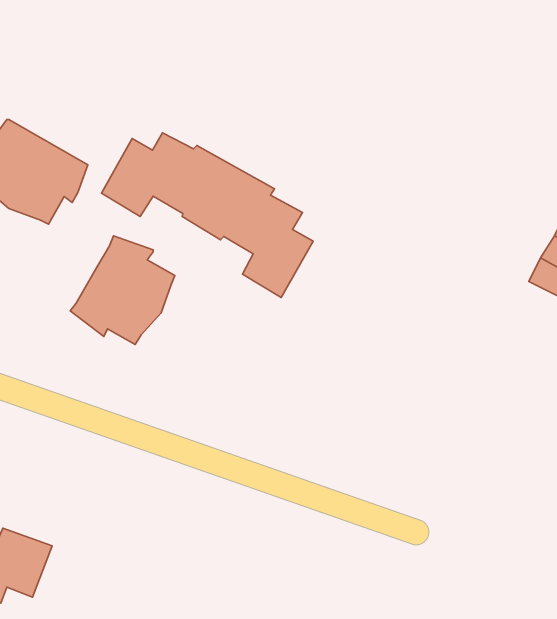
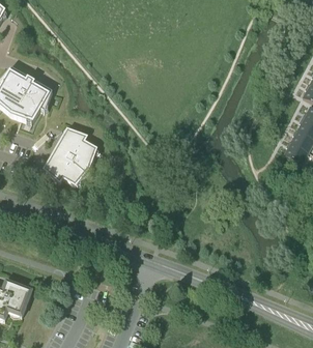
building: [102,133,313,297] -> none

